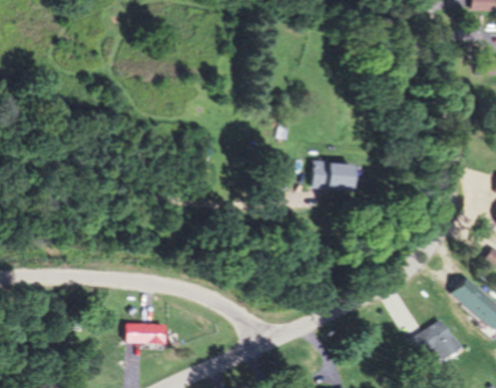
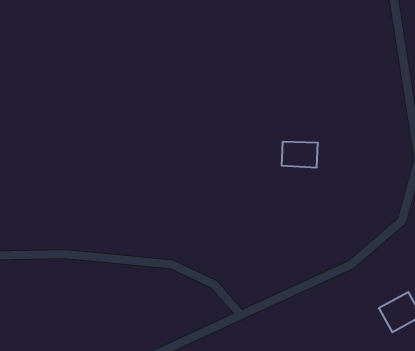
building: [127,324,166,344] -> none

